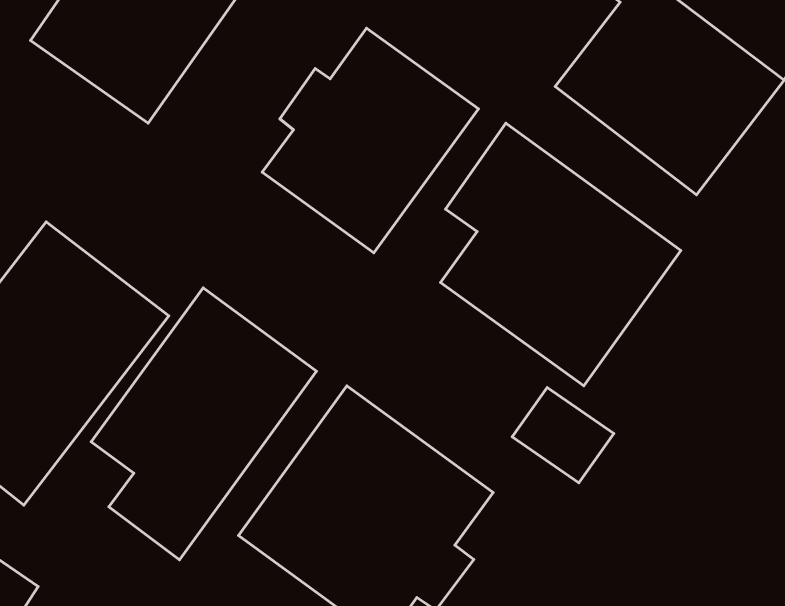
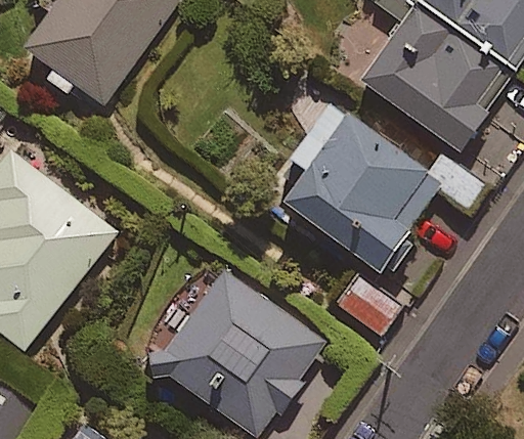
building: [262,28,478,253] -> none
building: [91,288,316,560] -> none

